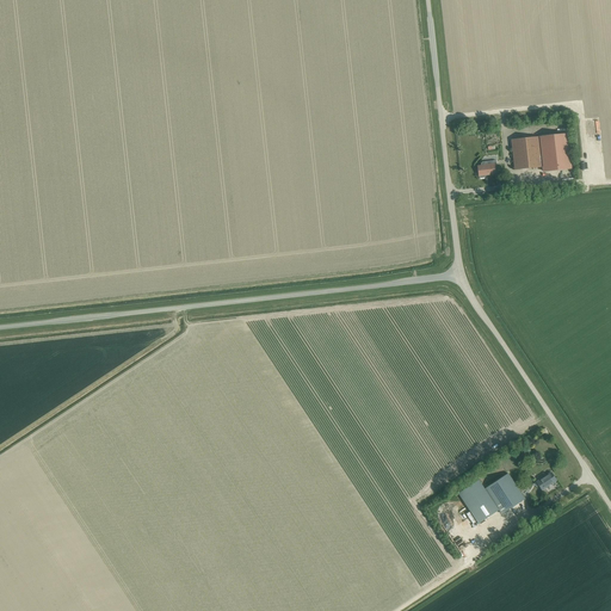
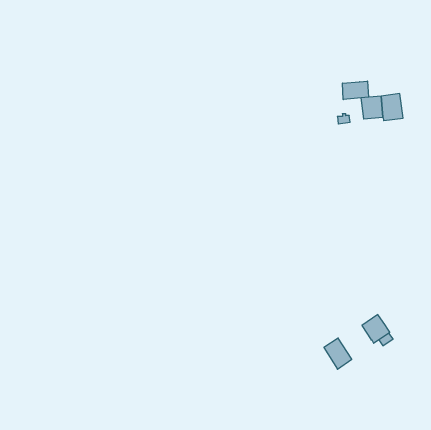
building: none -> [343,81,369,100]
building: [485,473,524,513] -> [362,315,390,343]

